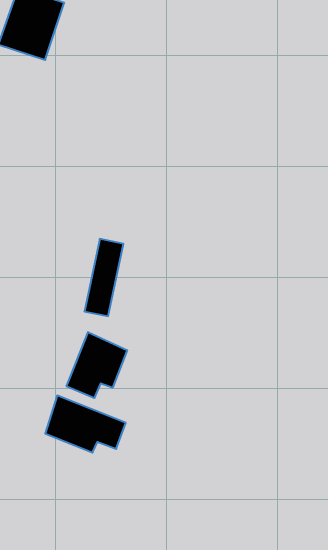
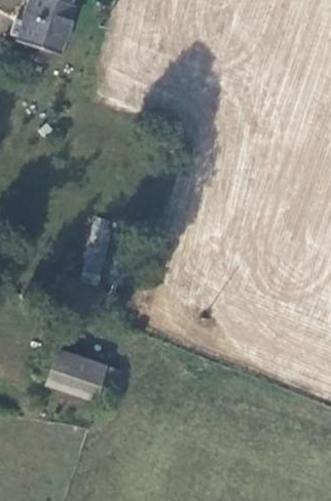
building: [67,332,127,398] -> none

